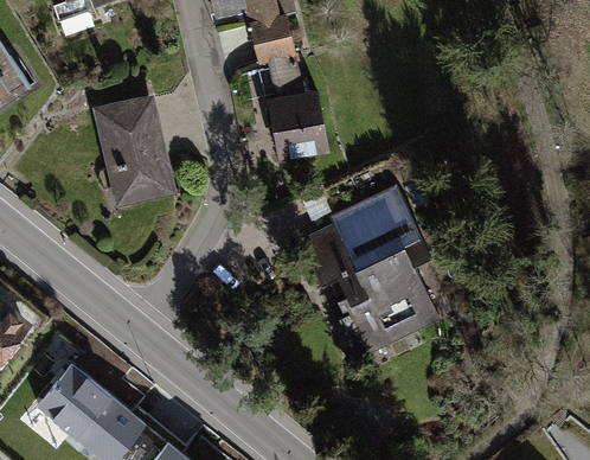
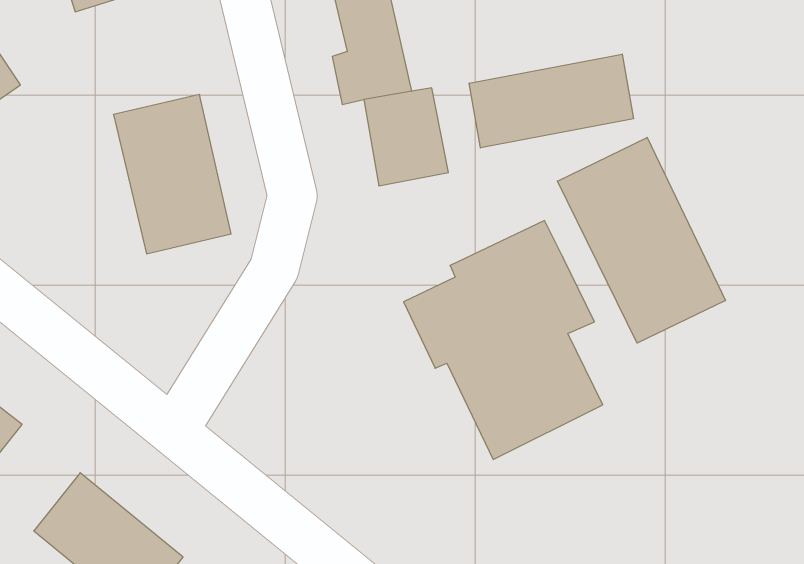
building: none -> [469,54,633,148]
building: none -> [557,137,725,343]

